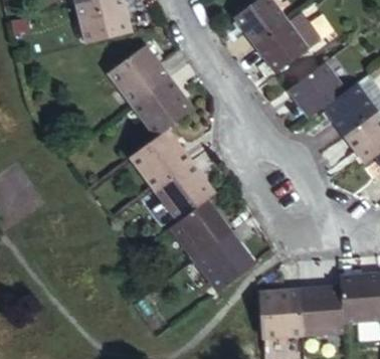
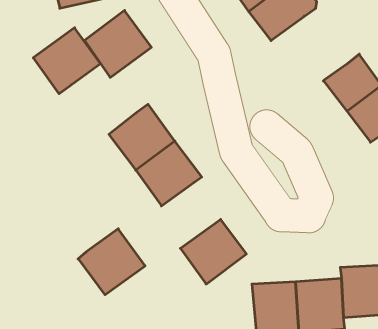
building: [289,64,345,118] -> none
building: [132,77,192,137] -> [33,28,100,94]
building: [171,199,231,258] -> [78,229,145,295]

